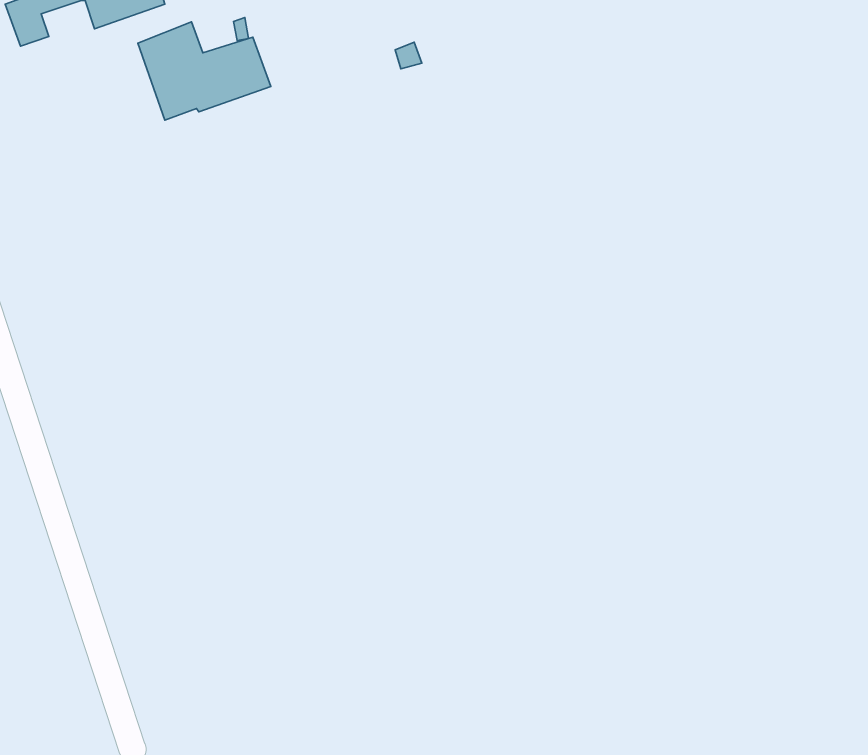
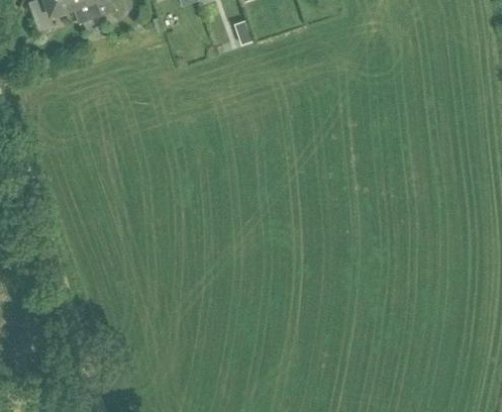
building: [138,22,271,120] -> none

